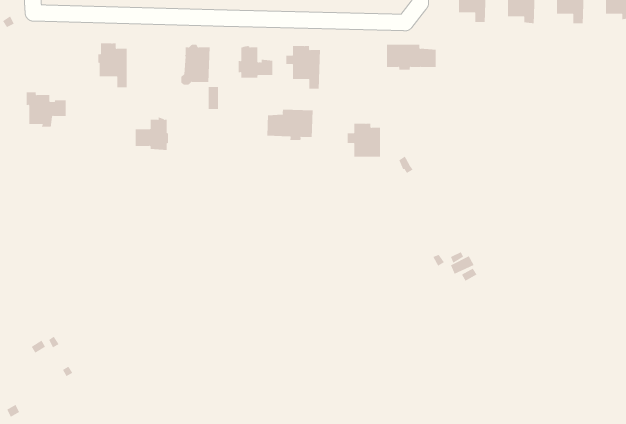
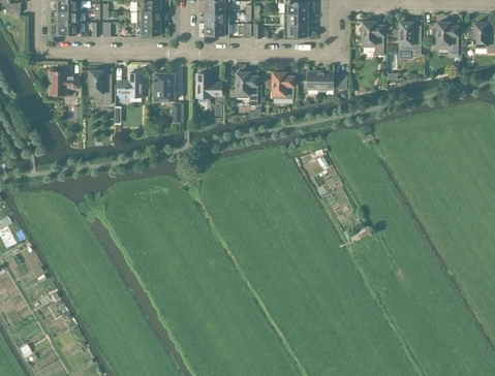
building: [26,92,67,127] -> [49,69,80,96]
building: [267,109,313,141] -> none
building: [135,116,169,151] -> [118,71,144,97]
building: [347,123,381,157] -> [268,72,293,98]

